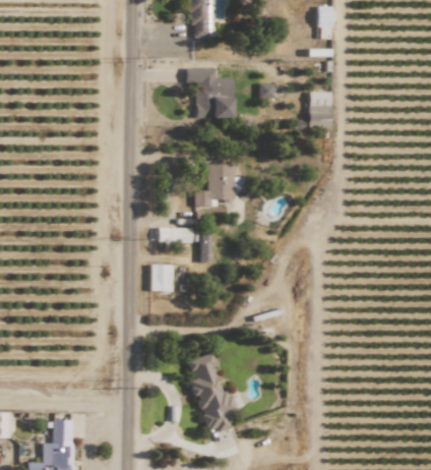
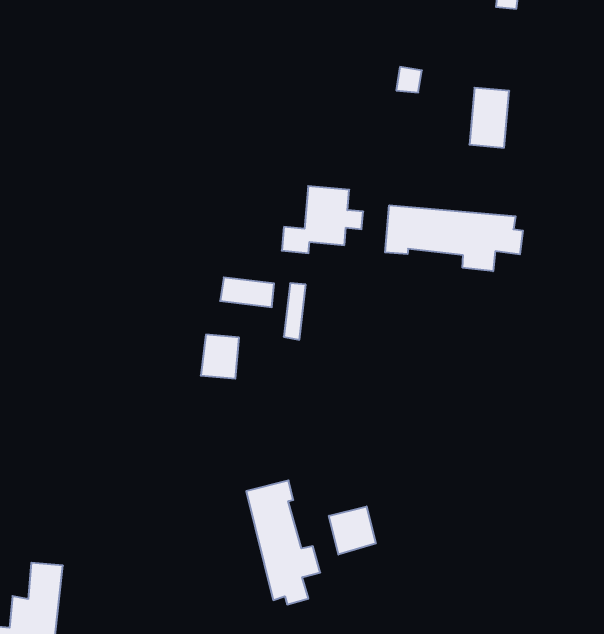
building: [186,68,234,118] -> none
building: none -> [385,205,523,271]
building: none -> [329,506,376,555]

